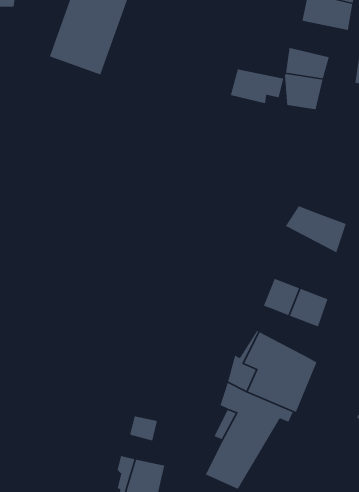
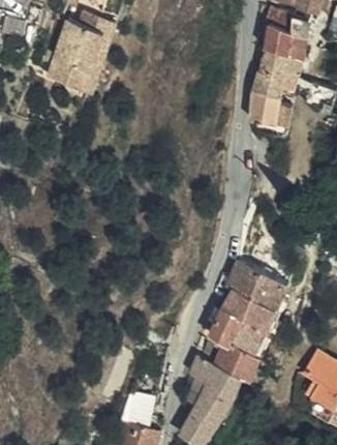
building: [230,68,284,104] -> [256,49,302,79]
building: [285,205,347,253] -> [225,289,277,329]

